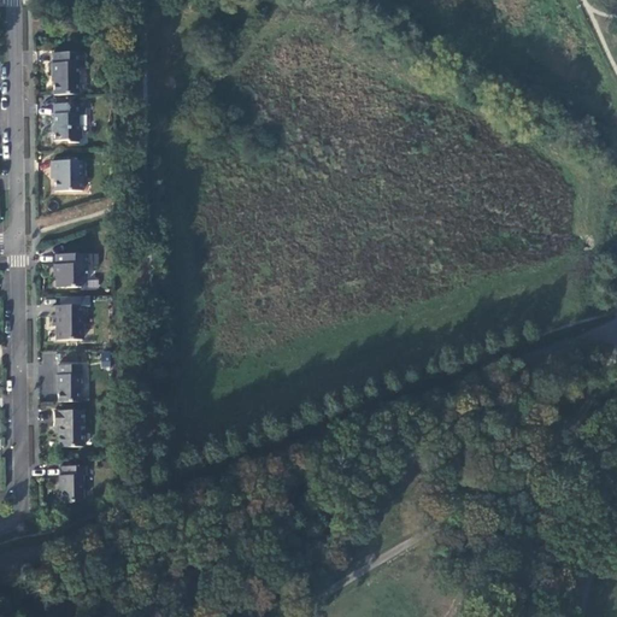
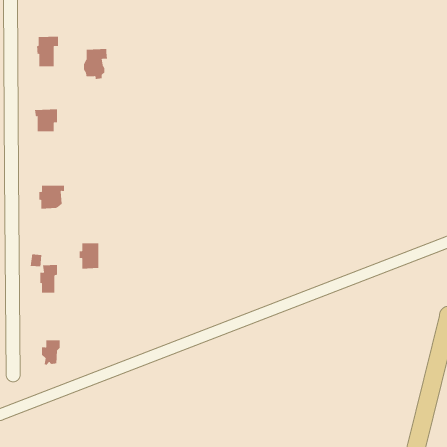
building: [52,101,86,143] -> [83,49,108,79]
building: [52,305,80,341] -> [79,243,99,269]
building: [54,415,84,448] -> none

